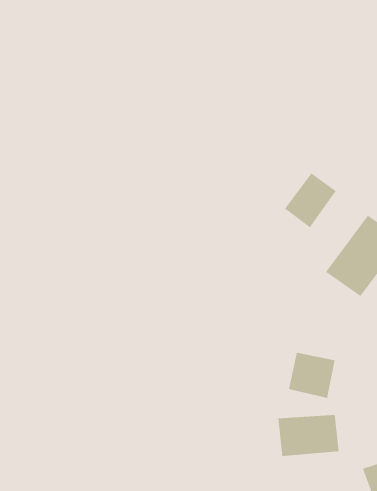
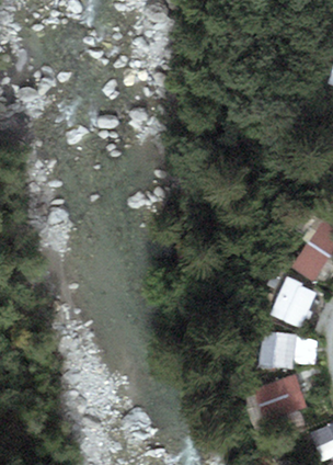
building: [284,172,337,228] -> none
building: none -> [268,277,313,328]

